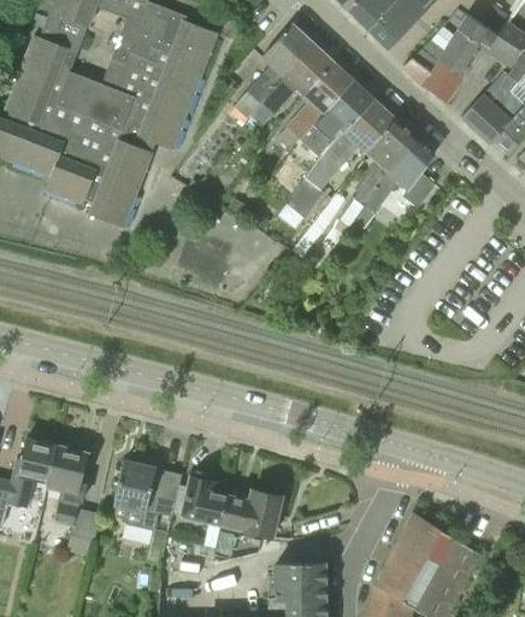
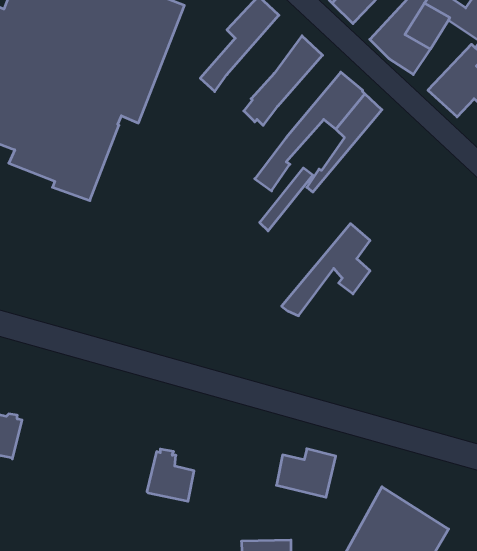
building: [261,43,336,114] -> none
building: [254,83,374,235] -> none
building: [347,137,435,229] -> [282,224,370,316]
building: [47,443,101,541] -> none
building: [113,460,182,530] -> none
building: [223,490,282,539] -> [276,449,336,497]

